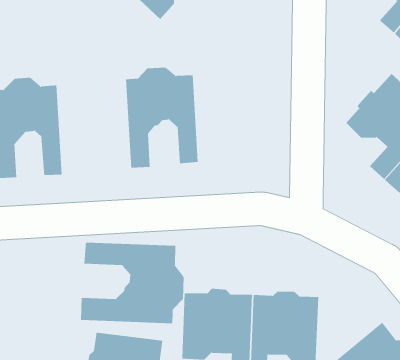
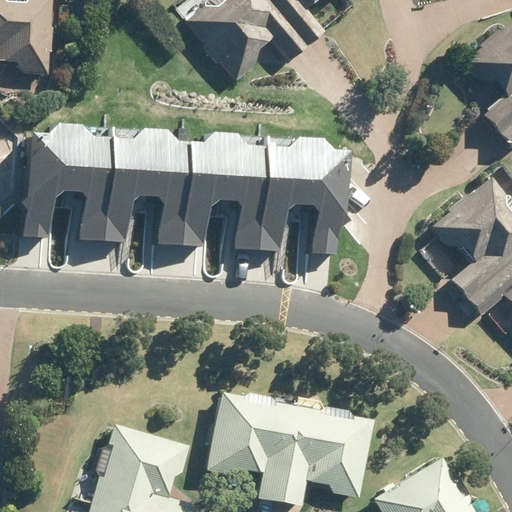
building: none -> [257,139,348,255]
building: none -> [101,131,187,245]
building: [81,242,184,324] -> none

